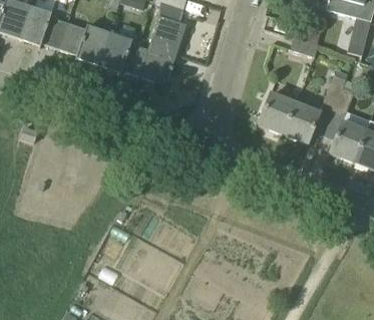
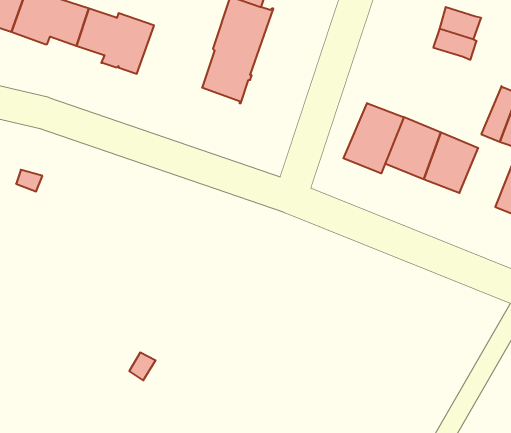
building: [98,33,148,73] -> none
building: none -> [343,103,404,173]

